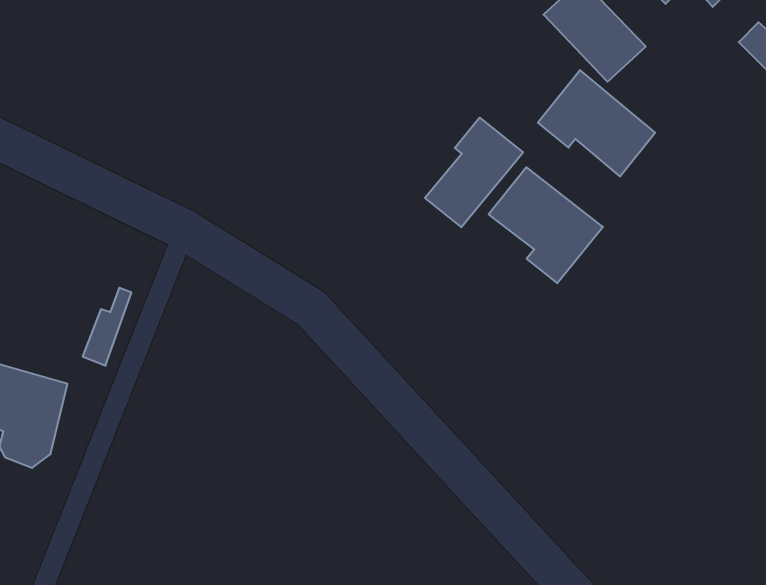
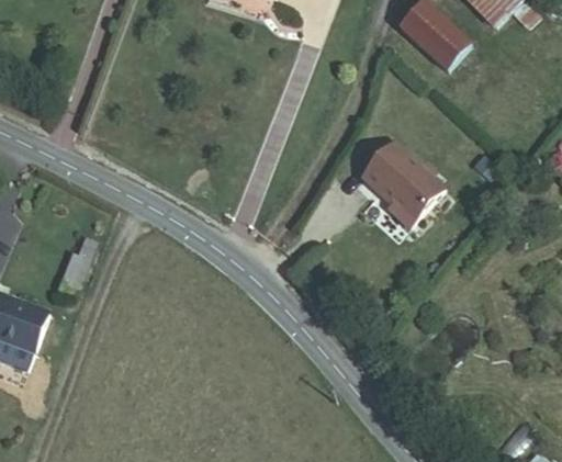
building: [538,70,655,177] -> none
building: [425,118,523,227] -> none

